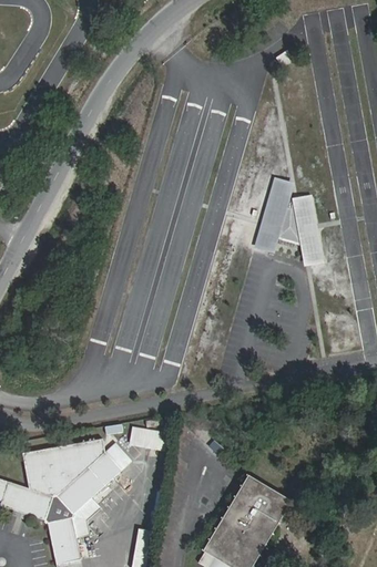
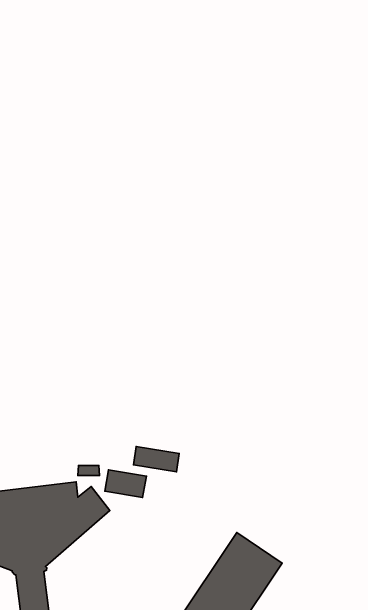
building: [253,178,324,266] -> none
building: none -> [134,447,179,472]

